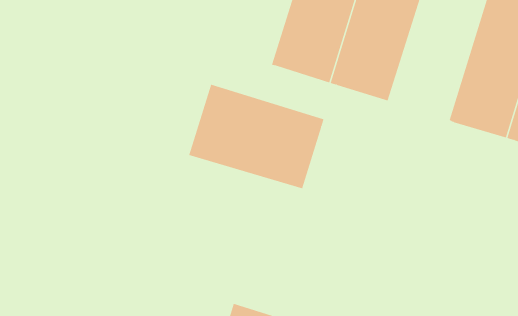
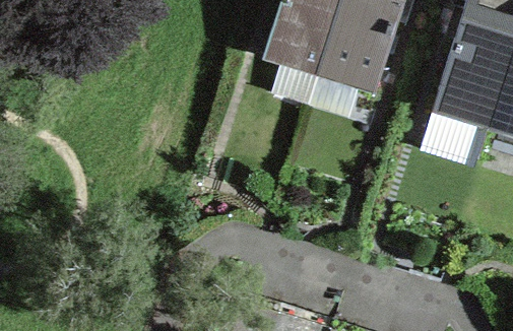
building: [189,84,324,189] -> none

